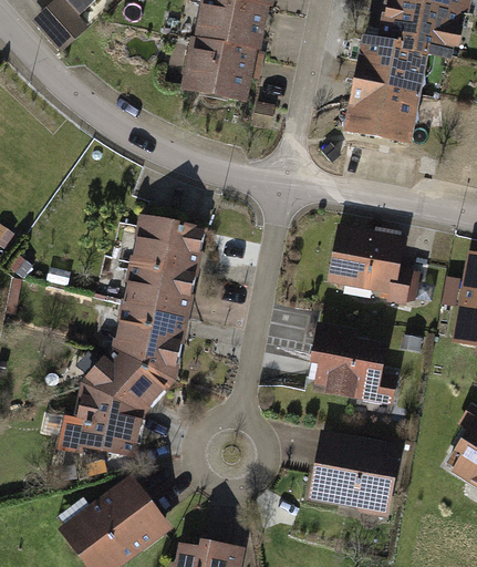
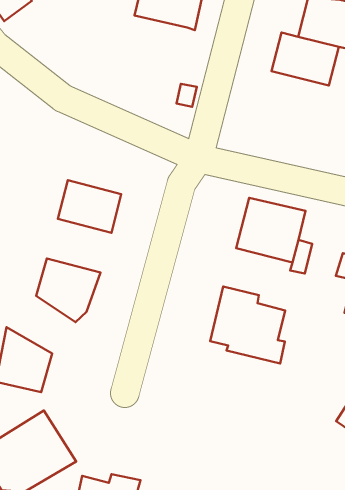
building: [185,33,258,93] -> none
building: [346,84,418,142] -> none
building: [123,264,191,319] -> none
building: [84,350,159,412] -> none
building: [317,429,403,506] -> none

